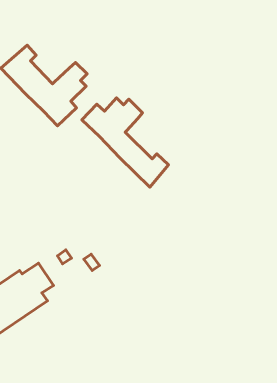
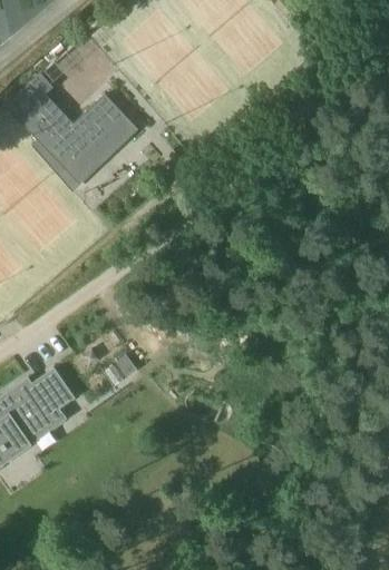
building: [82,98,168,187] -> none

